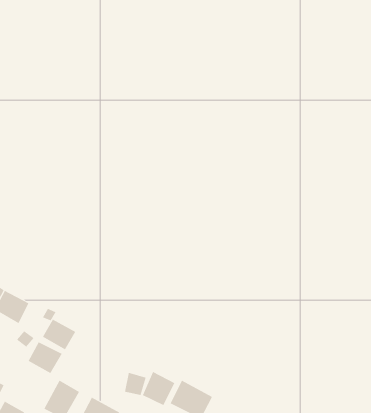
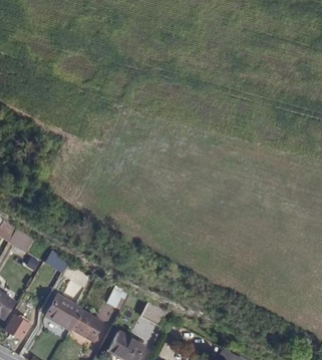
building: [28,342,62,374] -> none
building: [142,371,175,406] -> none

